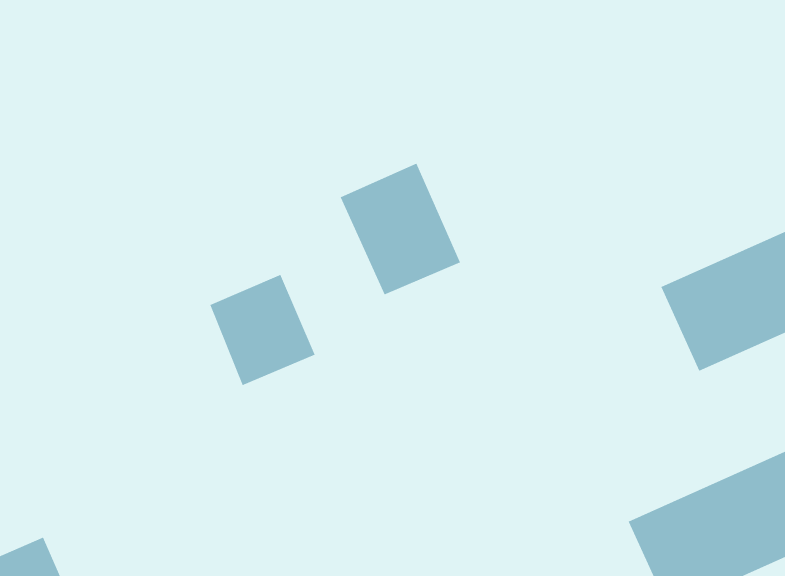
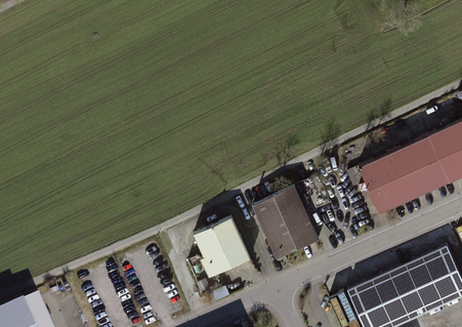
building: [340,163,461,295] -> [252,186,317,256]
building: [210,274,315,386] -> [193,215,249,275]

